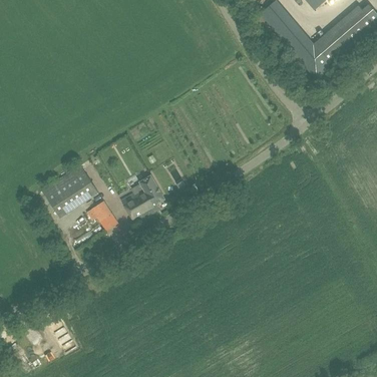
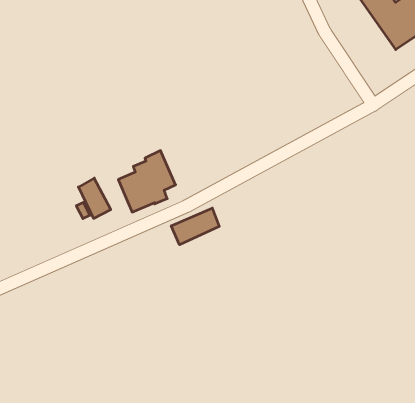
building: [41,163,97,216] -> none
building: none -> [171,208,219,245]

